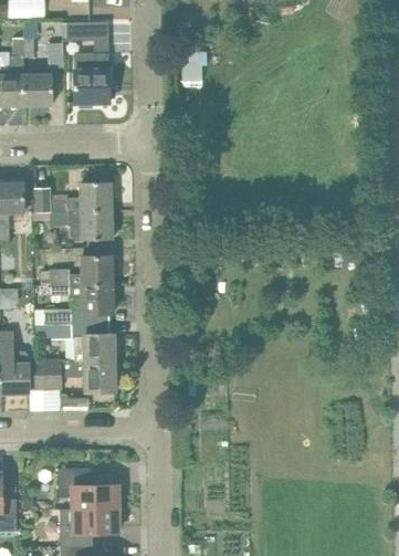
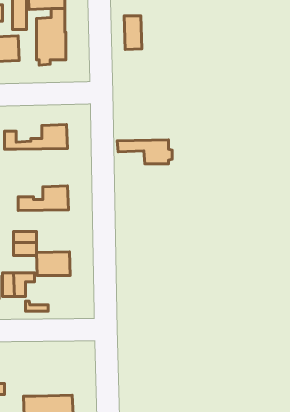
building: [50,210,116,239] -> [117,140,172,164]
building: [52,284,114,313] -> none
building: [85,364,116,392] -> none
building: [56,468,117,510] -> none

